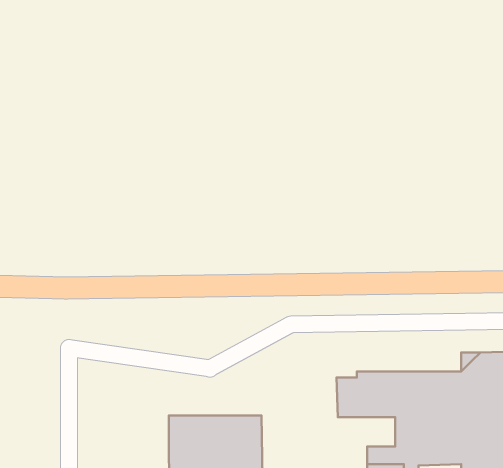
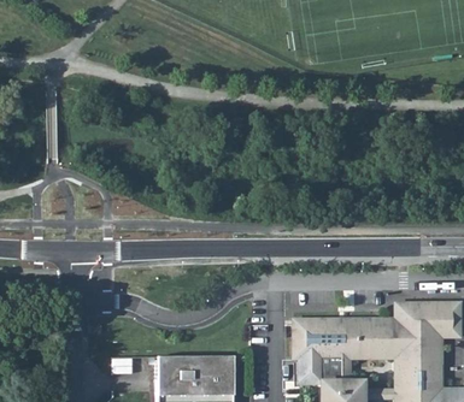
building: none -> [301,356,343,380]

